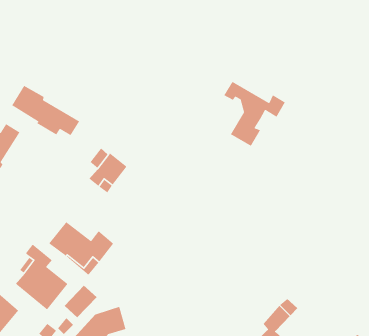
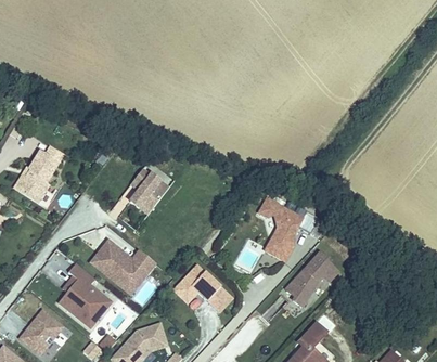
building: [223,81,286,147] -> [257,197,318,261]
building: [11,85,80,136] -> none
building: none -> [285,253,337,306]
building: none -> [172,264,231,311]

